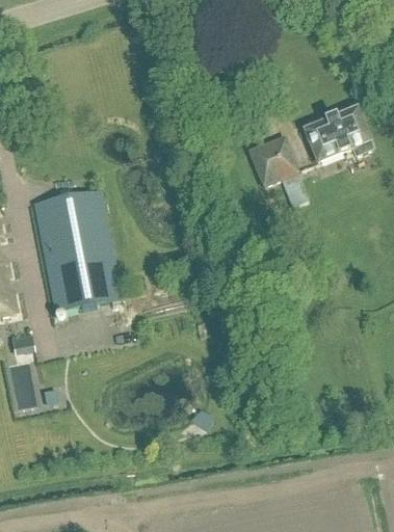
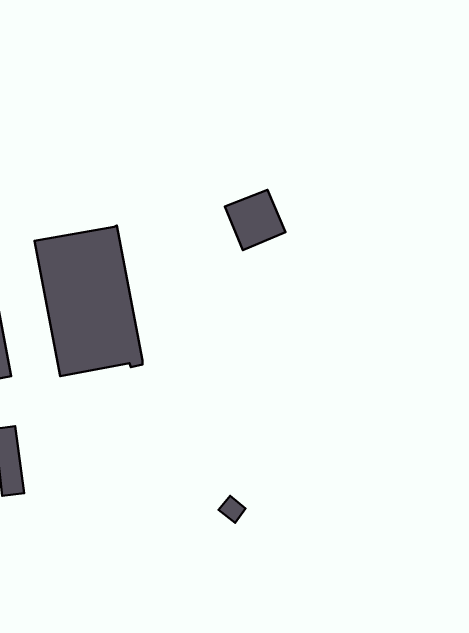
building: [303,104,372,160] -> none
building: [248,135,297,184] -> [225,190,285,250]

